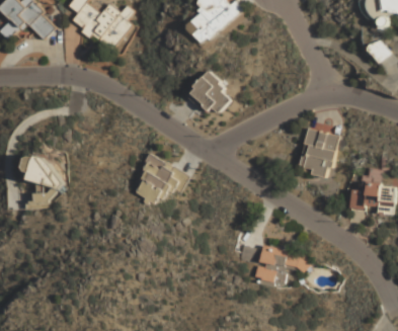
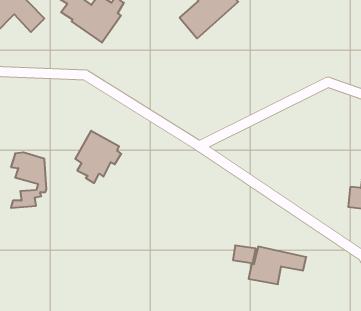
building: [186,73,233,113] -> none
building: [300,129,337,178] -> none
building: [135,155,179,205] -> [75,131,121,183]

